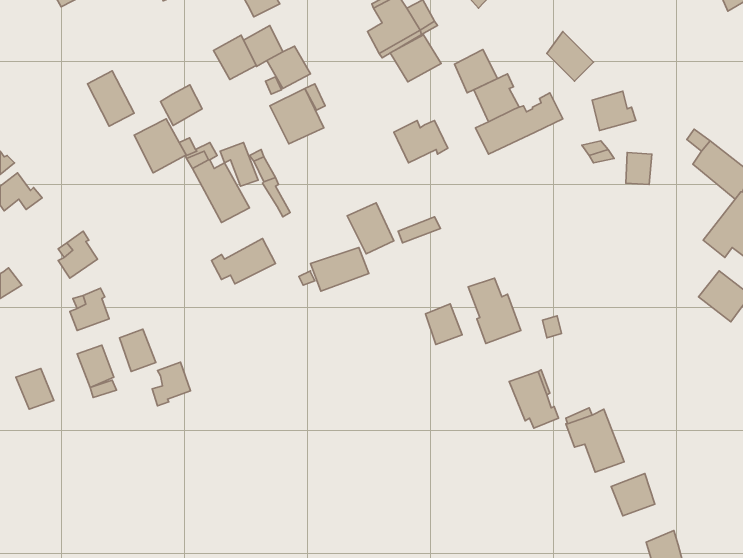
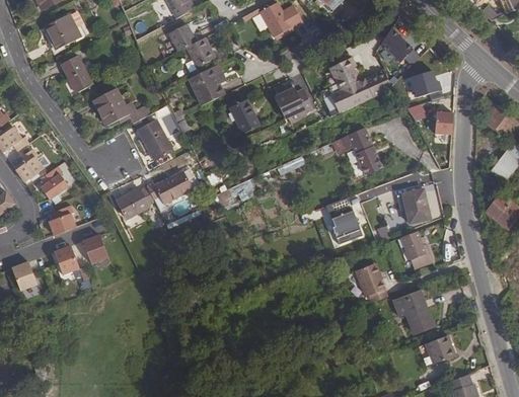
building: none -> [44,14,81,50]
building: [390,35,441,82] -> none
building: [214,35,256,80] -> none
building: [455,49,498,93] -> none
building: [161,85,202,125] -> none
building: none -> [332,127,383,175]
building: [347,203,394,254] -> [228,98,261,134]
building: none -> [16,149,44,181]
building: none -> [117,186,154,219]
building: none -> [401,188,431,224]
building: [426,304,462,345] -> none
building: none -> [400,230,432,267]
building: [152,362,191,406] -> none

